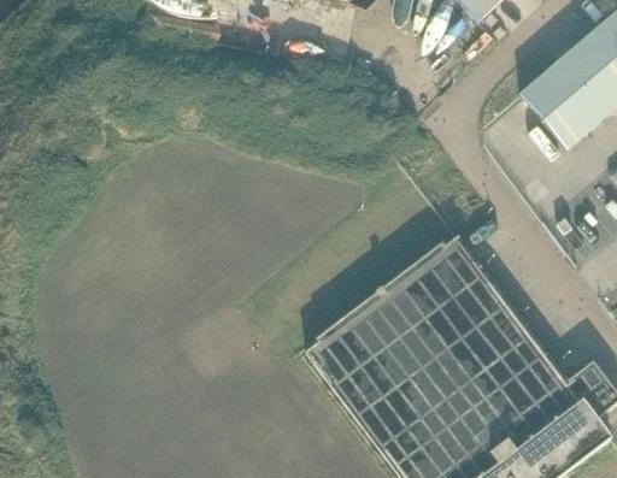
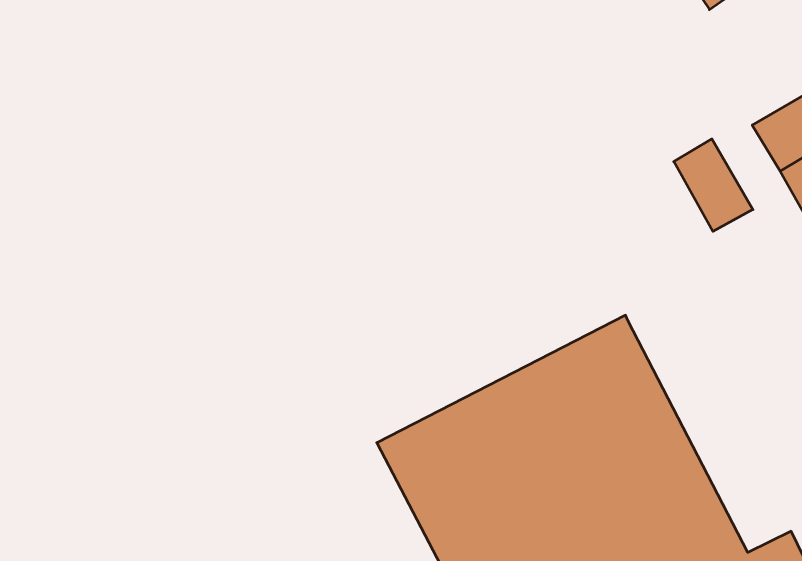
building: none -> [674,139,753,231]

